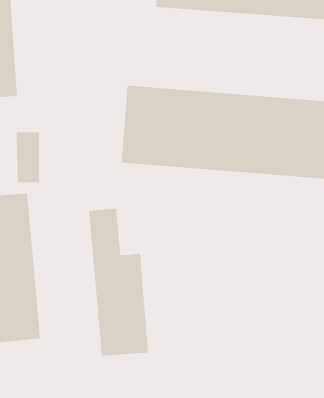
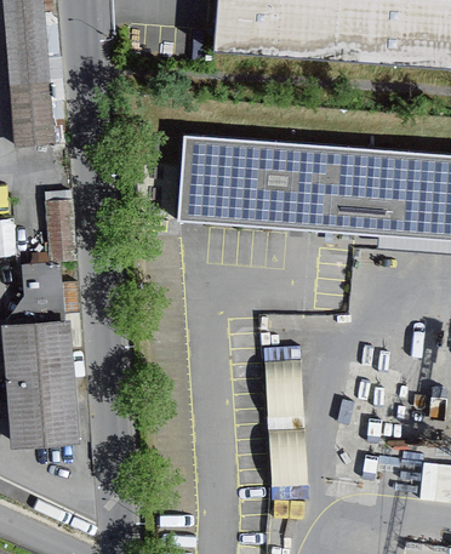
building: [88,208,149,356] -> none

